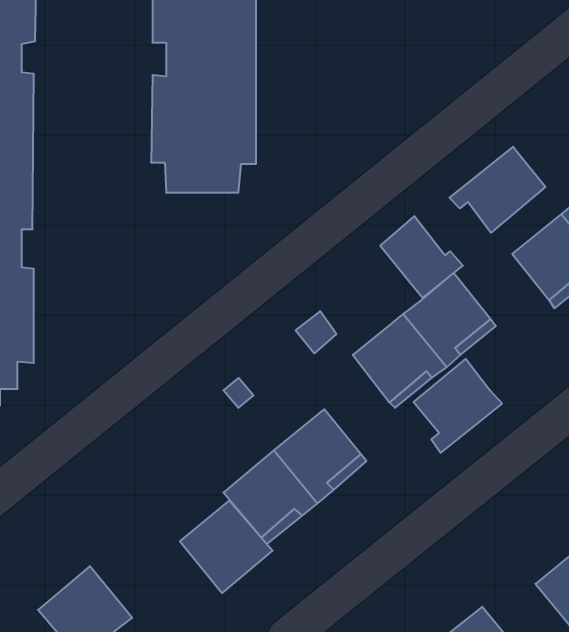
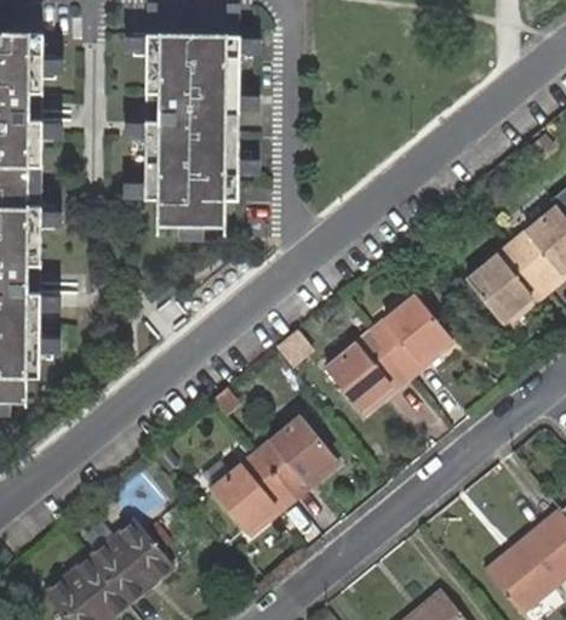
building: [450,147,546,233] -> none
building: [380,216,463,298] -> none
building: [414,359,502,453] -> none
building: [180,500,273,593] -> [91,519,173,602]

